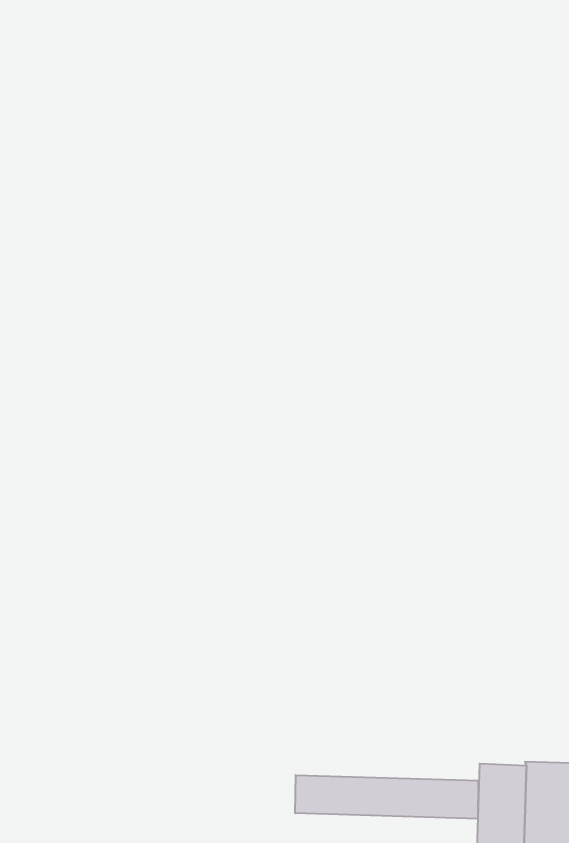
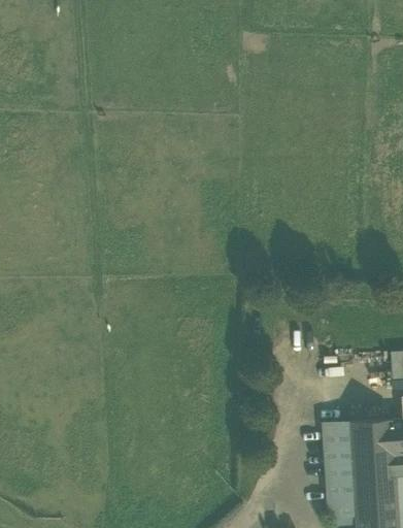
building: [295,775,478,819] -> none

